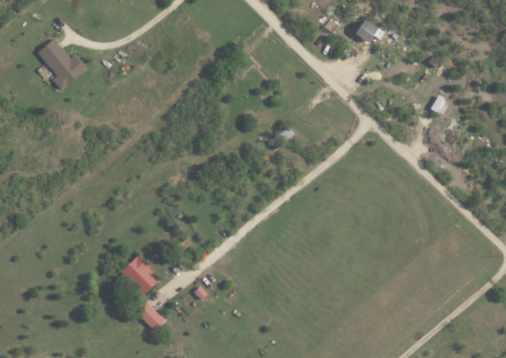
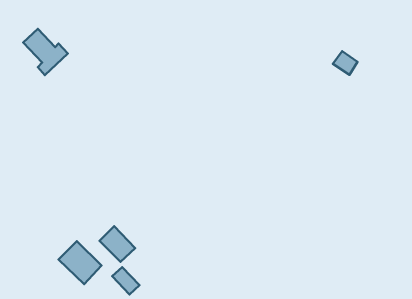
building: [353,19,380,45] -> [333,51,358,75]
building: none -> [58,241,101,284]

